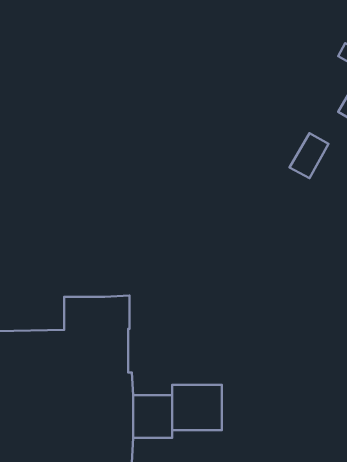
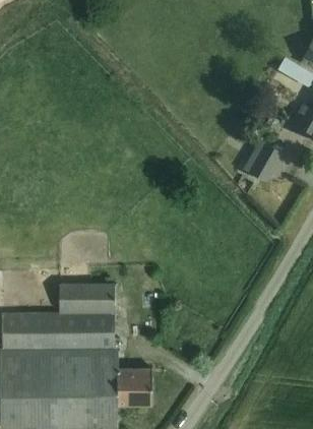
building: [172,385,222,430] -> none

